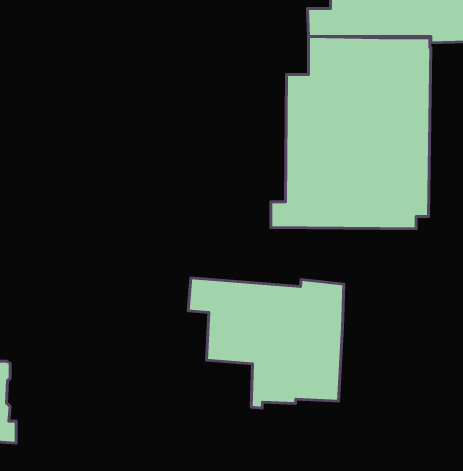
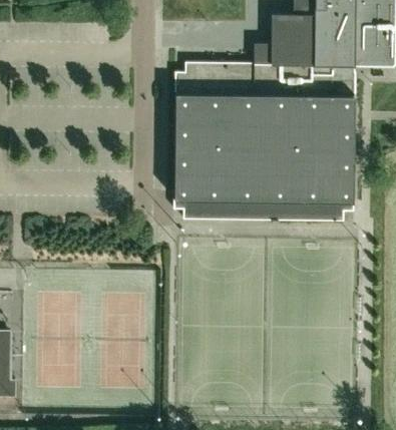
building: none -> [173,61,256,219]
building: [188,278,344,408] -> none

